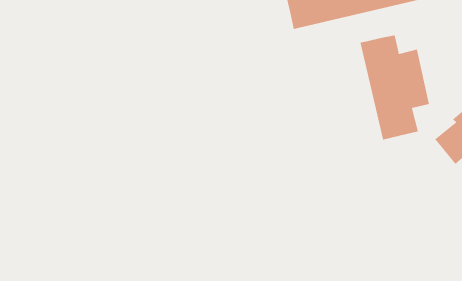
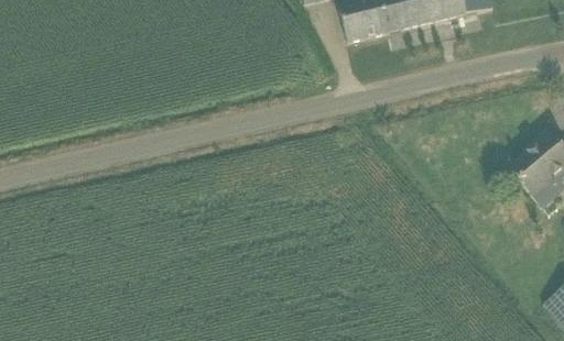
building: [359,34,430,141] -> none

